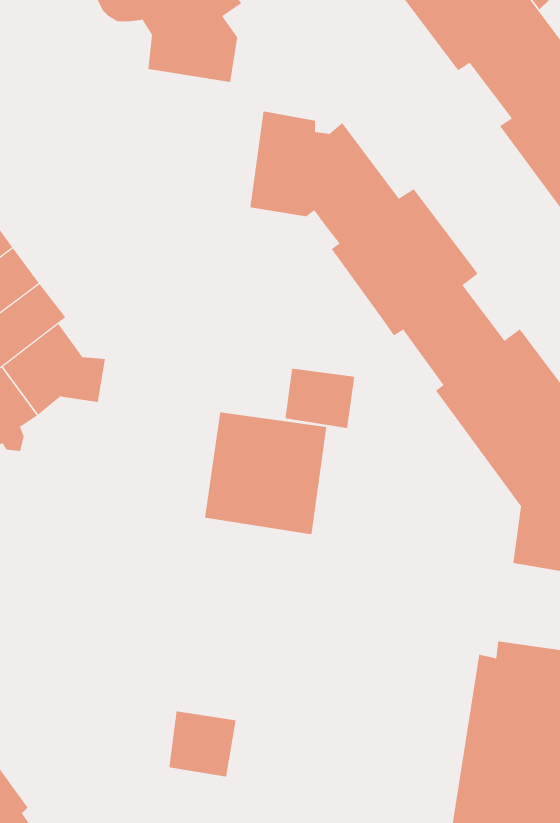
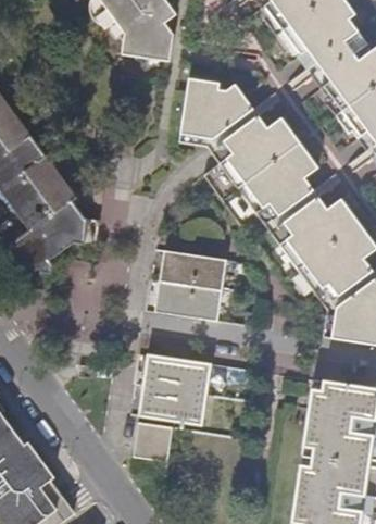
building: [285,368,355,429] -> none
building: none -> [139,354,210,423]

